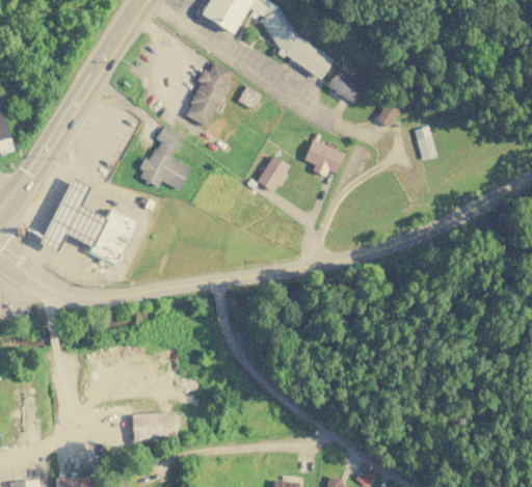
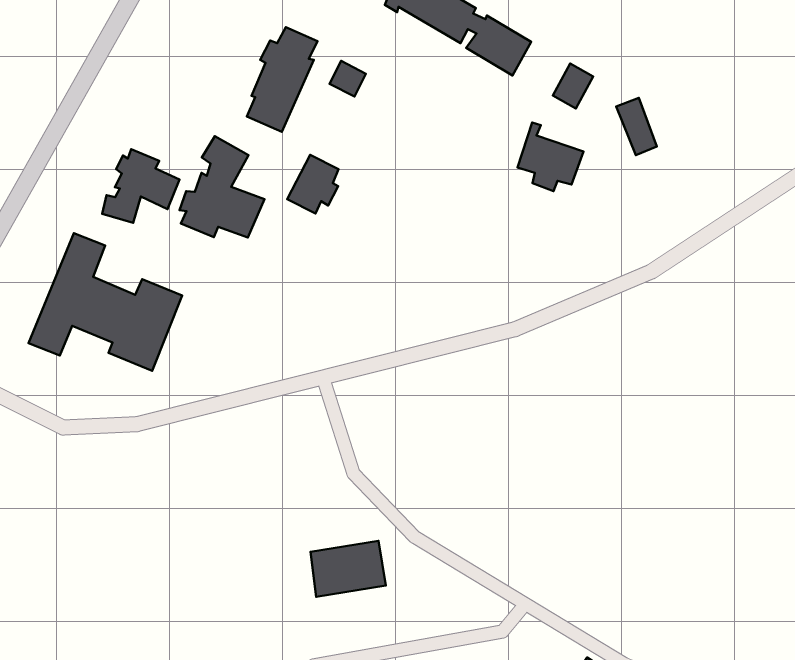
building: none -> [102,149,179,223]
building: [304,133,346,177] -> [518,123,584,191]
building: [257,155,290,191] -> [287,155,338,213]
building: [133,412,178,443] -> [310,541,386,597]

